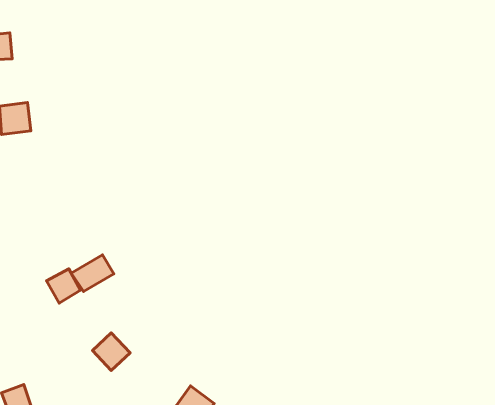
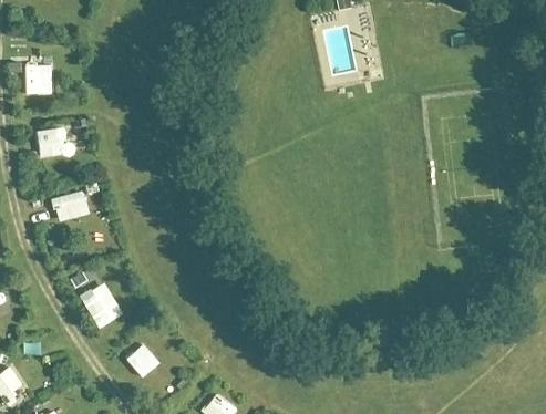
building: none -> [51,190,89,218]
building: [71,255,114,292] -> none

